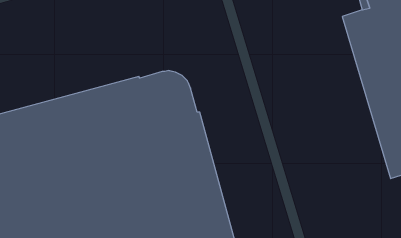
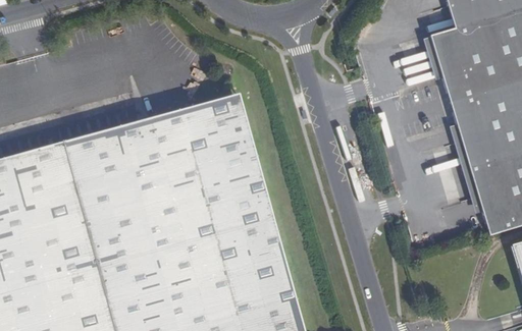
building: none -> [180,94,255,154]

